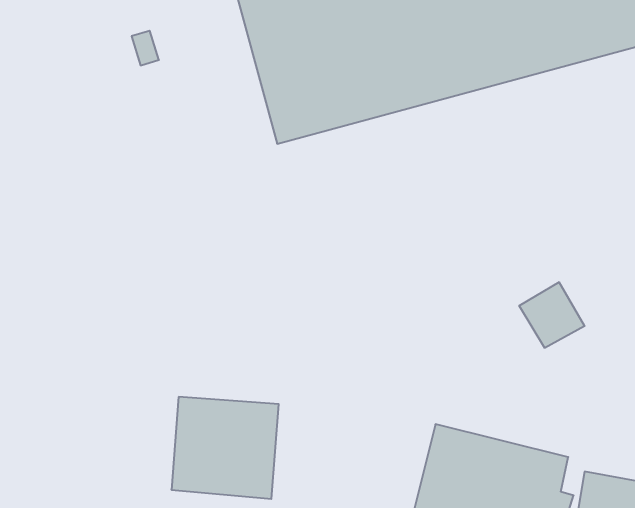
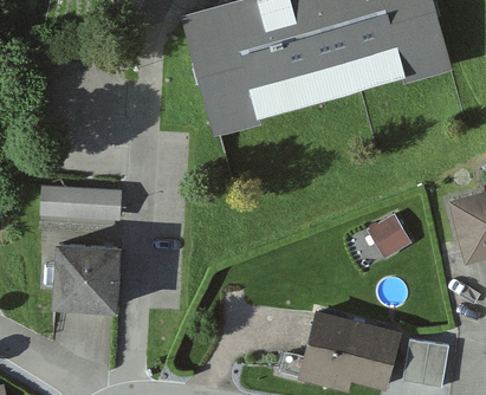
building: none -> [40,192,123,227]
building: [171,397,279,499] -> [50,241,119,307]

